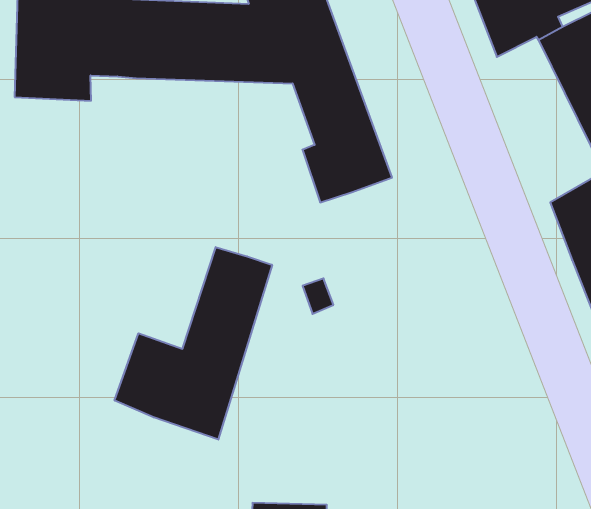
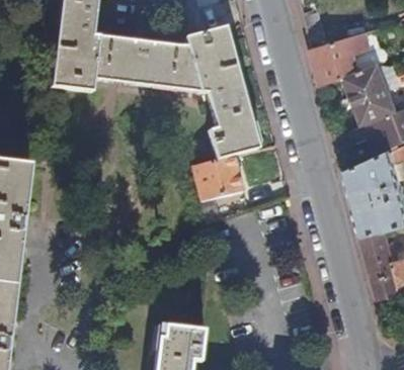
building: none -> [191,154,241,198]
building: [115,247,272,440] -> none

